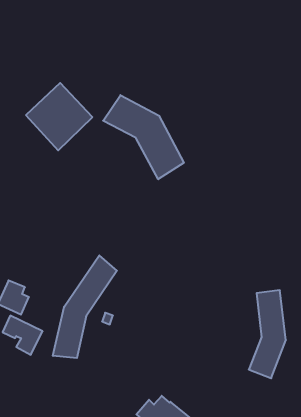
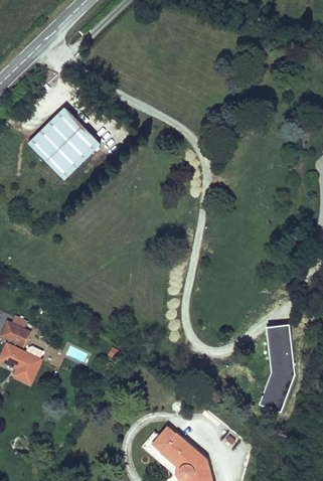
building: [103,95,184,179] -> none
building: [53,255,117,358] -> none

